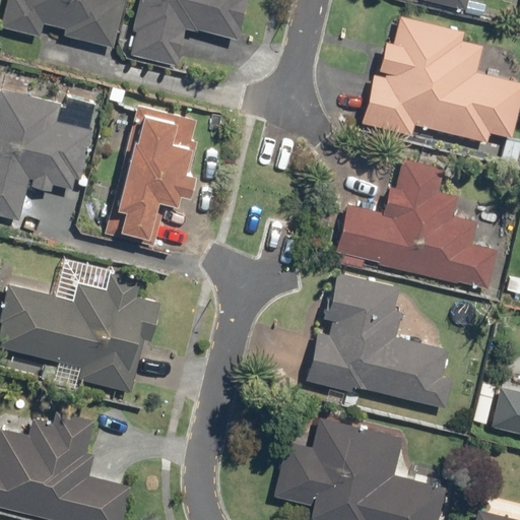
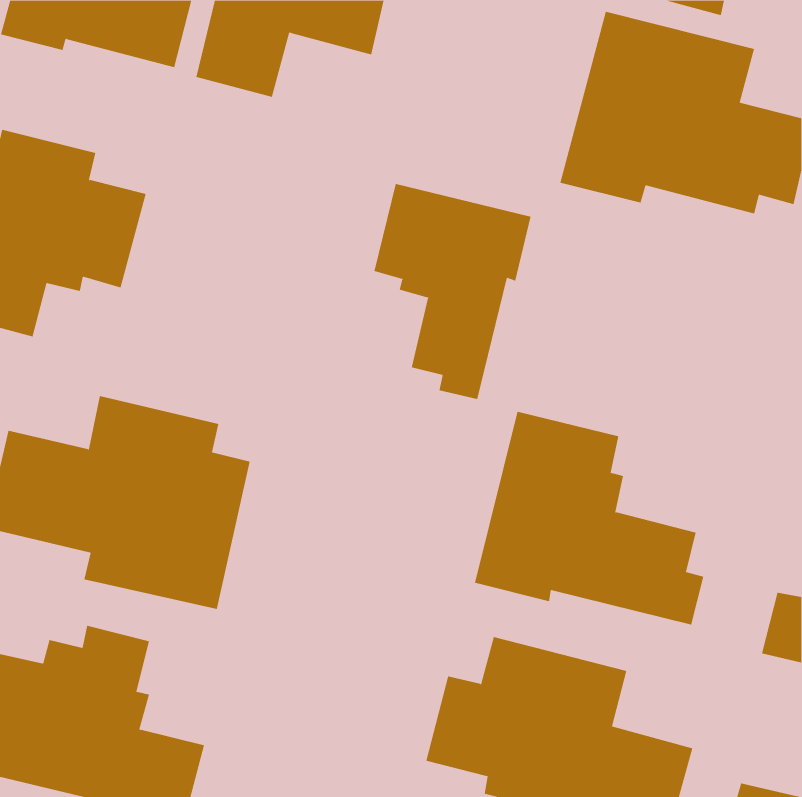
building: [104,103,203,247] -> none
building: none -> [374,183,531,400]
building: [335,156,500,291] -> none

